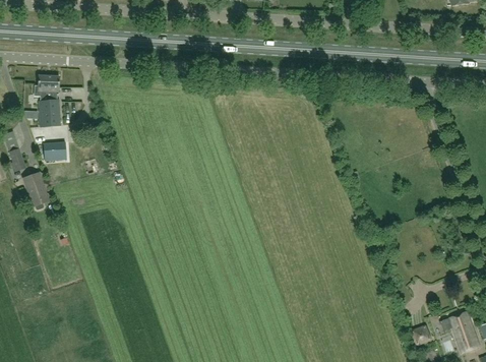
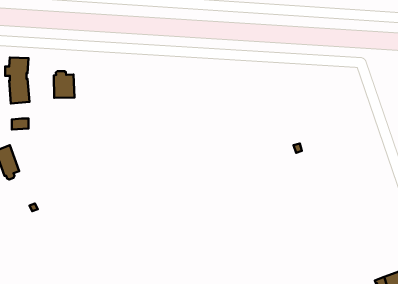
building: none -> [54,71,75,98]

